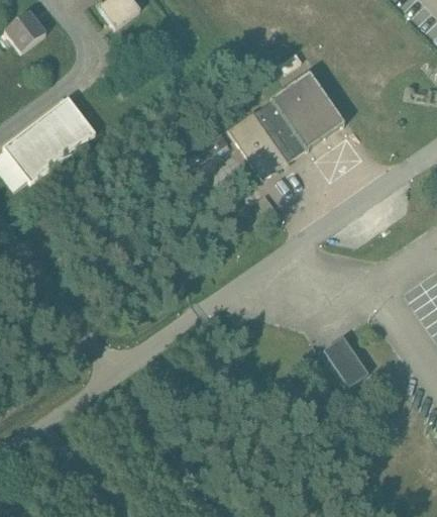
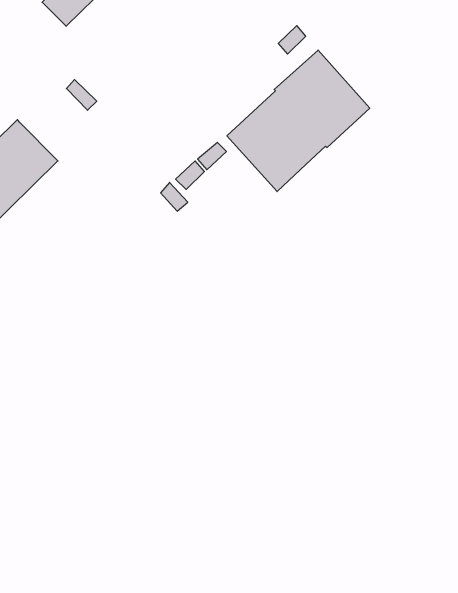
building: [325,336,368,386] -> none

